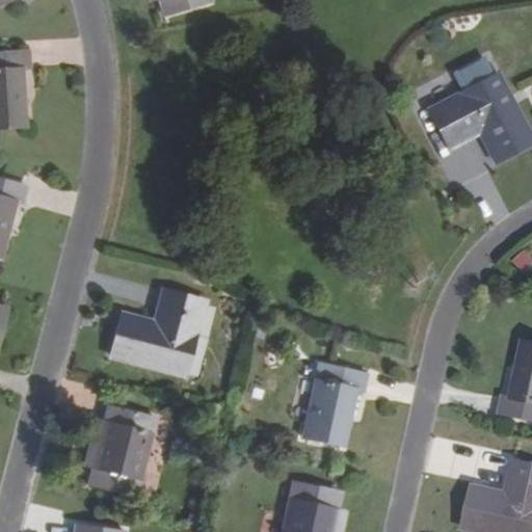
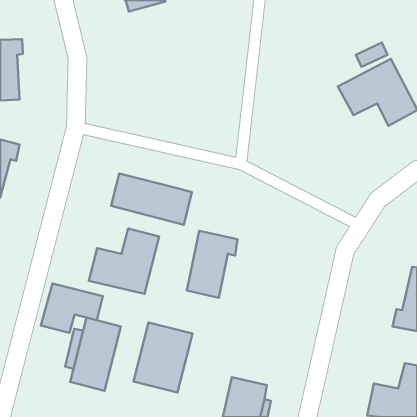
building: none -> [111,173,192,225]
building: none -> [41,284,103,333]
building: [303,362,368,447] -> [187,231,238,298]
building: none -> [133,323,192,392]

